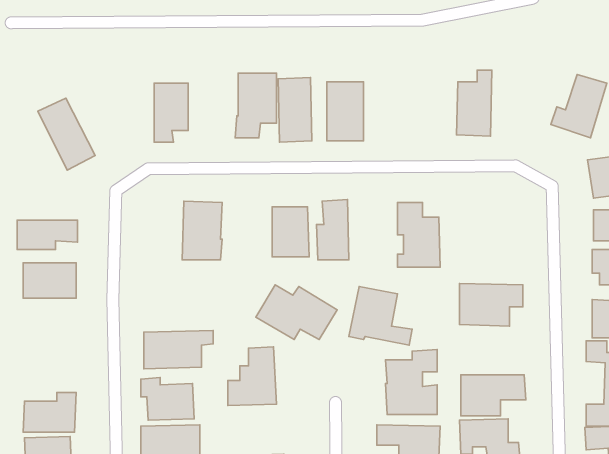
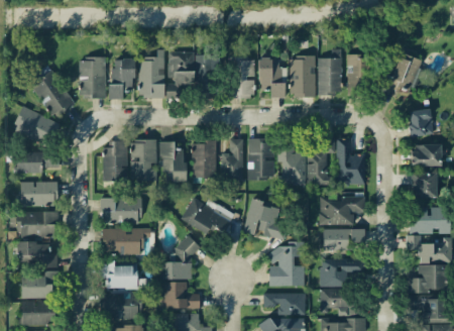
building: none -> [138,49,165,97]
building: none -> [347,53,365,93]
building: none -> [291,56,316,97]
building: none -> [80,58,106,98]
building: none -> [259,58,283,98]
building: none -> [13,106,61,146]
building: none -> [248,138,274,181]
building: none -> [307,138,365,185]
building: none -> [103,140,128,182]
building: none -> [162,141,186,182]
building: none -> [101,197,141,224]
building: none -> [16,211,58,236]
building: none -> [324,228,365,249]
building: none -> [18,242,58,266]
building: none -> [161,282,200,308]

